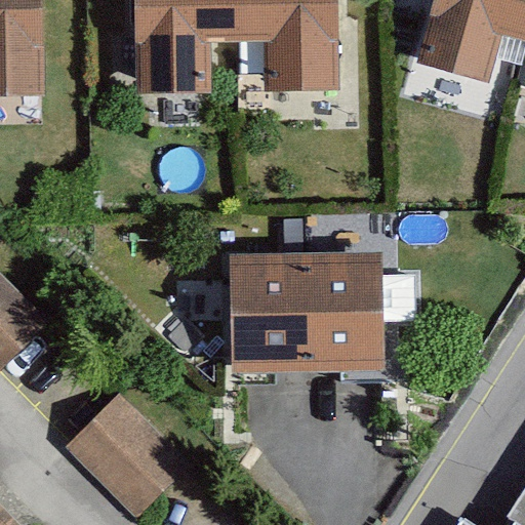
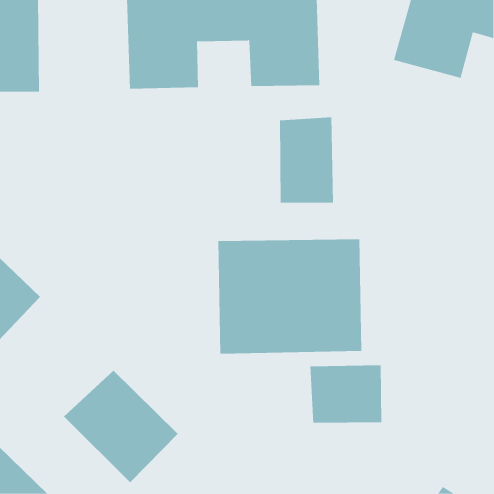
building: none -> [279,116,333,203]
building: none -> [310,364,382,424]

